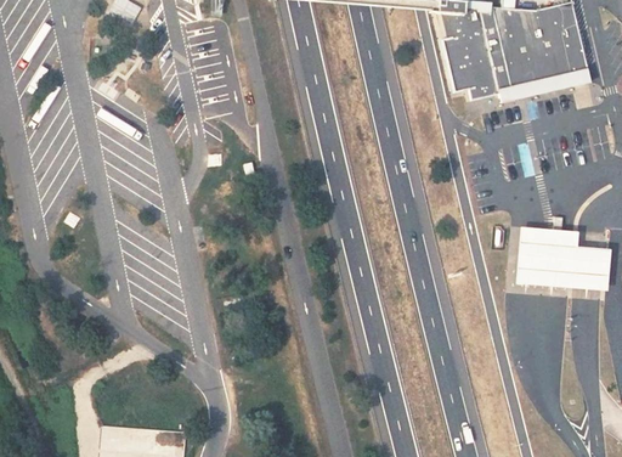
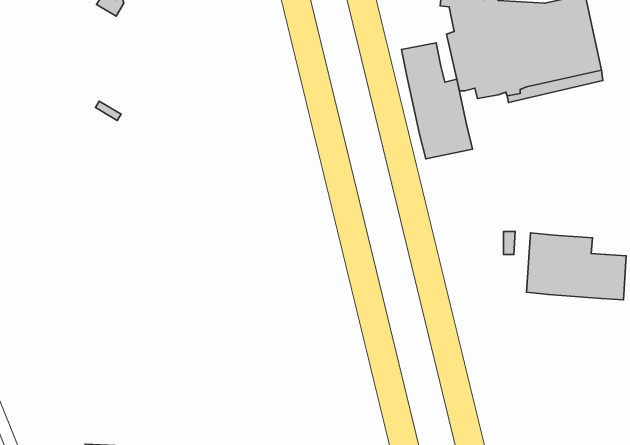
building: none -> [401,43,473,159]

